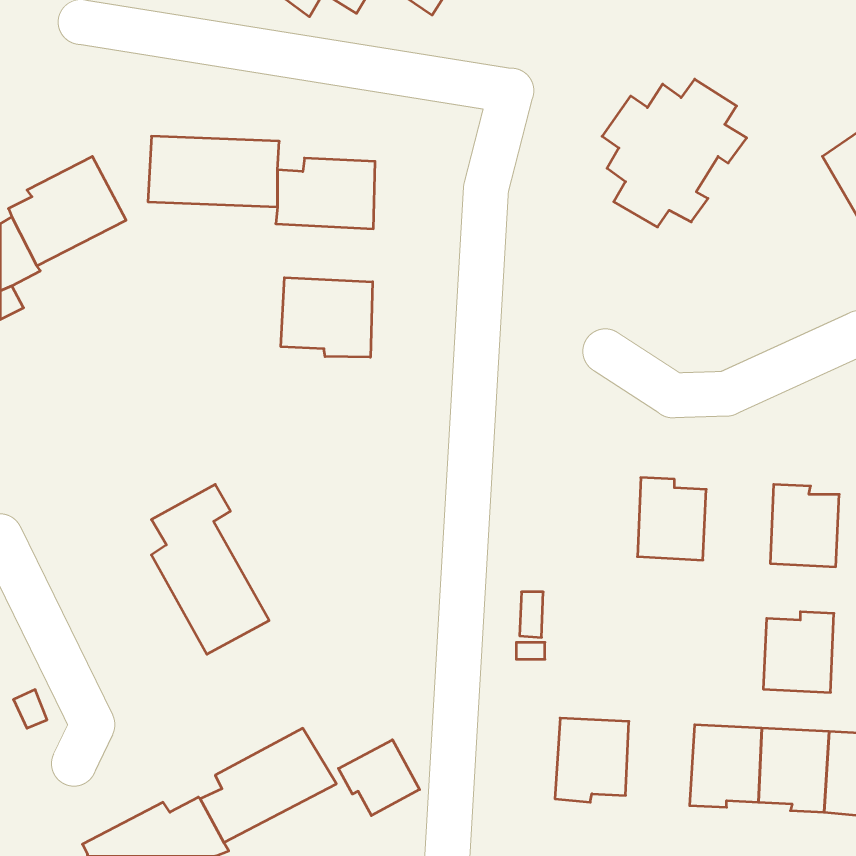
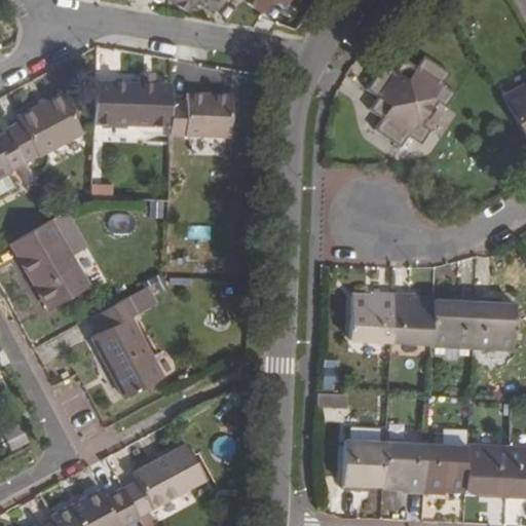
building: [281,278,373,357] -> none
building: none -> [13,221,88,309]
building: none -> [348,291,393,340]
building: [763,612,834,692] -> [431,295,475,344]
building: none -> [384,441,426,492]
building: [338,740,420,816] -> none

